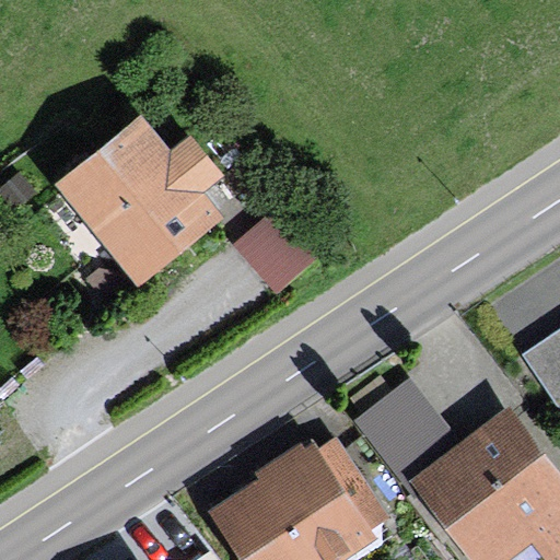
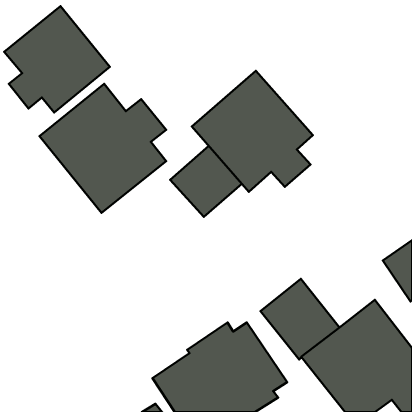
building: none -> [4,6,110,113]
building: none -> [192,71,313,192]

